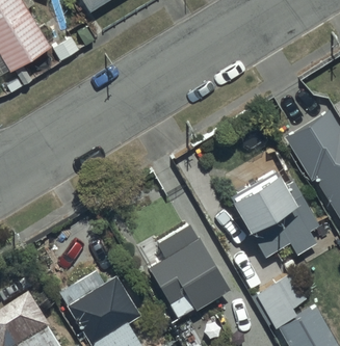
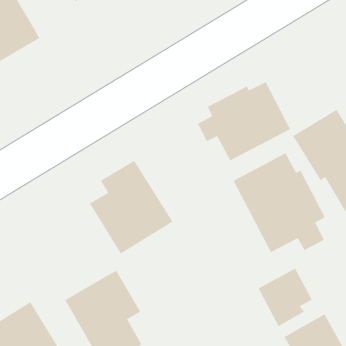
building: none -> [197,81,291,162]
building: [149,218,230,309] -> [89,160,174,254]

